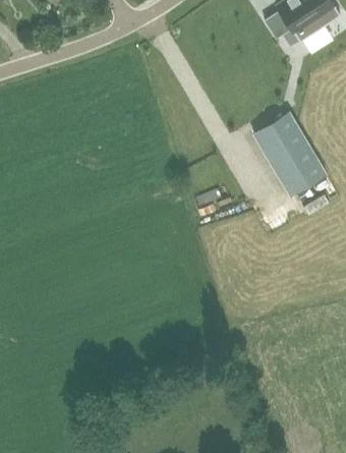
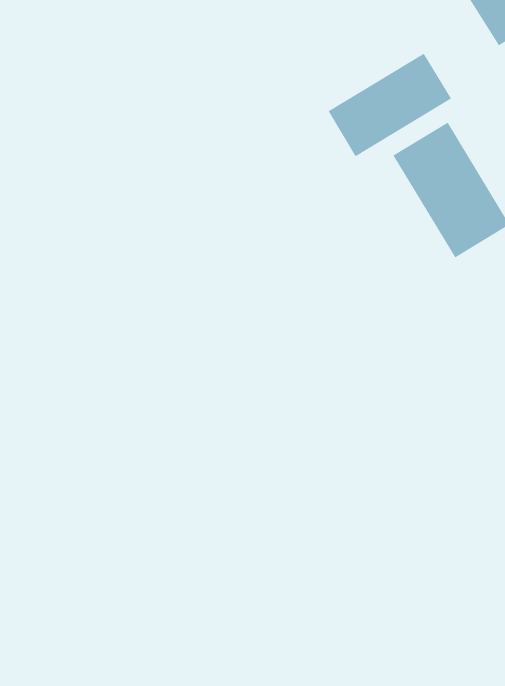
building: none -> [328,53,452,157]

